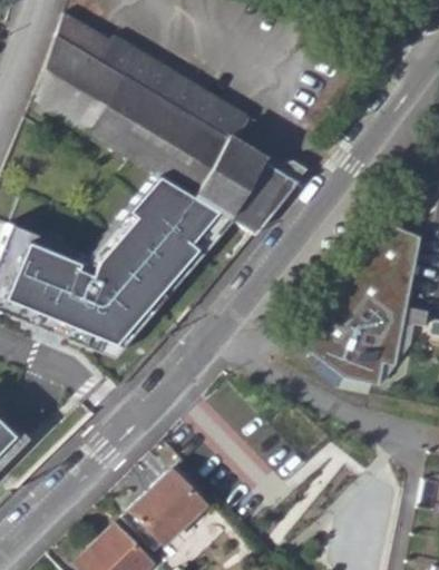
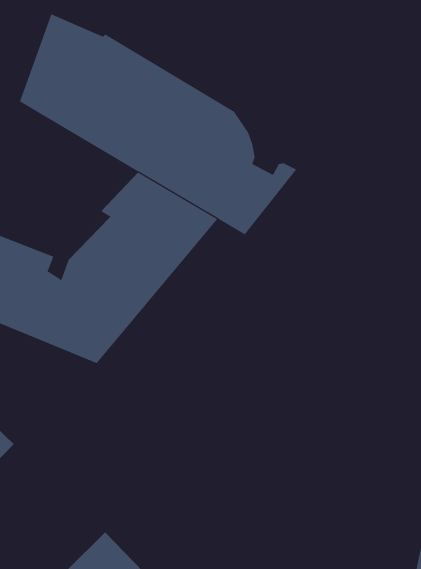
building: [301,225,422,385] -> none
building: [131,472,206,548] -> none

